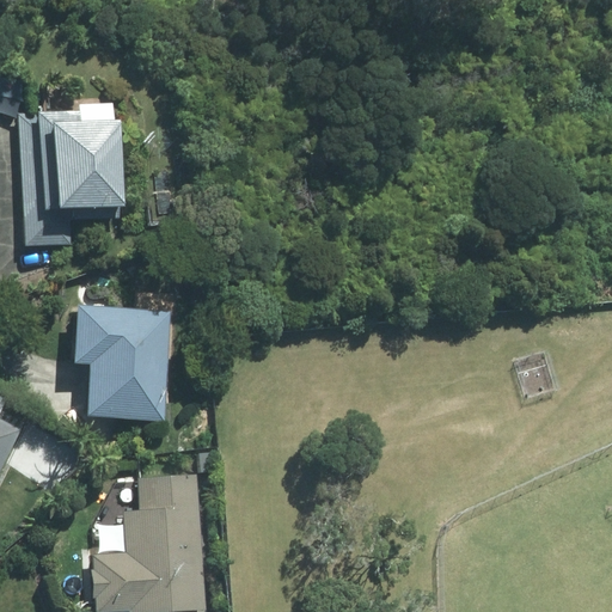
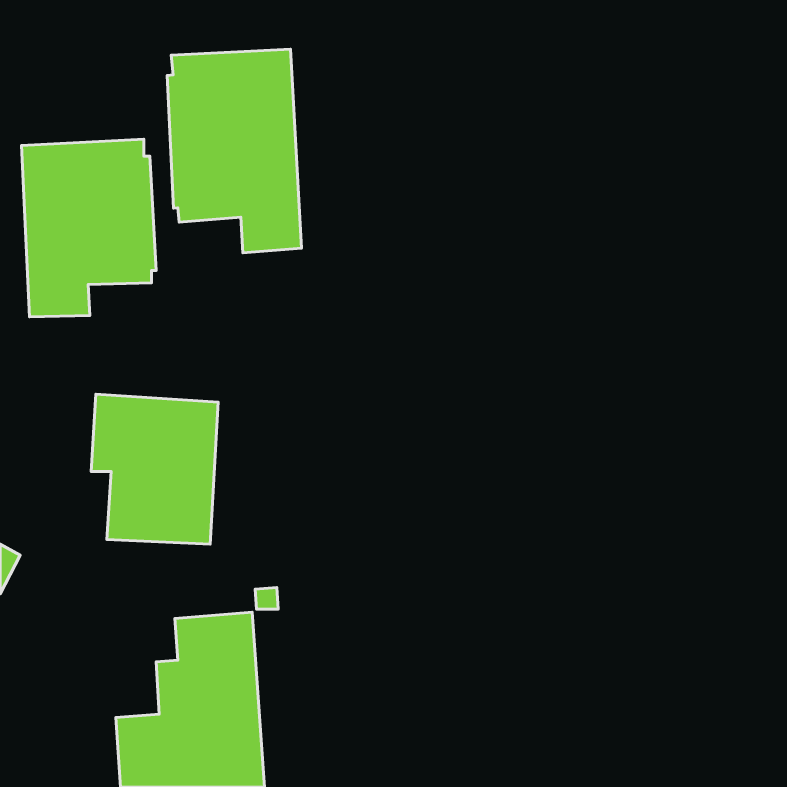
building: none -> [167,49,302,253]

